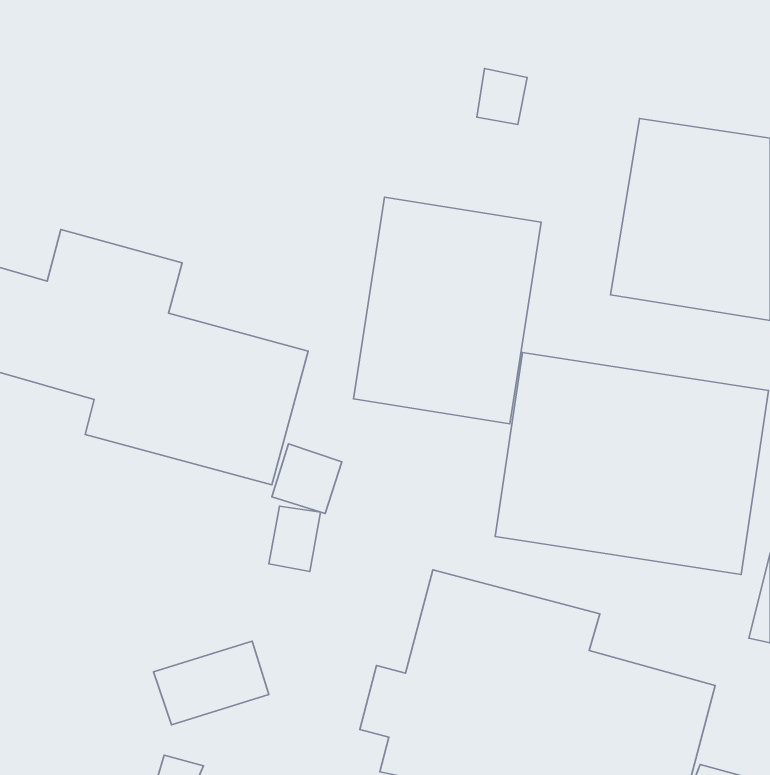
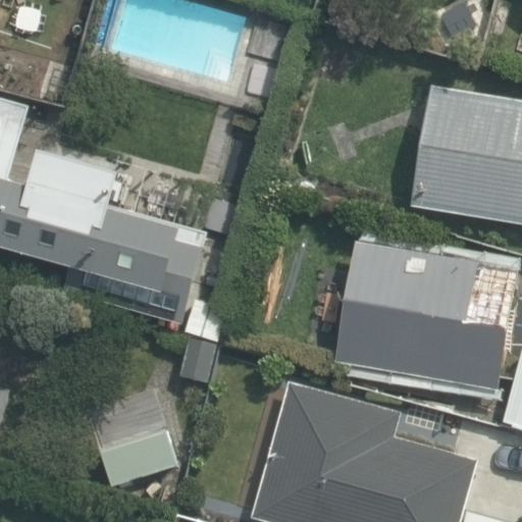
building: [353,197,541,424] -> none

